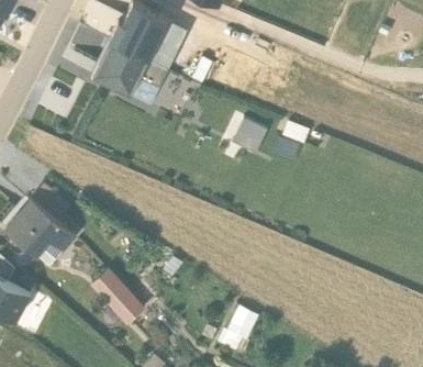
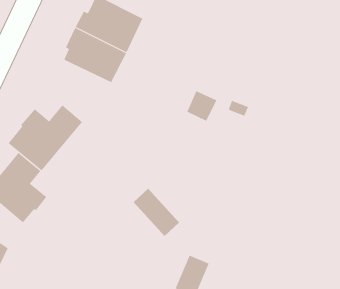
building: none -> [8,105,83,171]
building: [90,269,144,325] -> [133,188,180,237]

